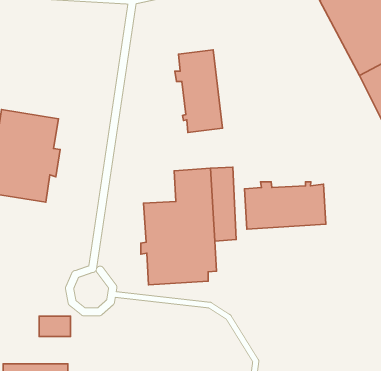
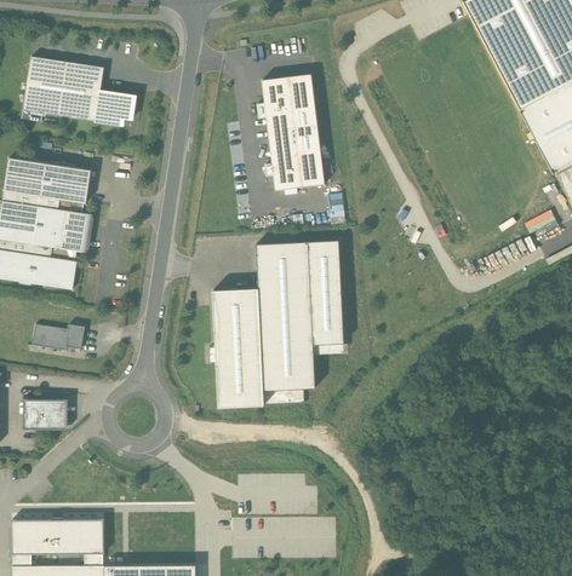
building: none -> [23,56,136,125]
building: [245,182,326,229] -> none
building: none -> [33,323,85,350]
building: [39,316,71,336] -> [23,399,68,428]

